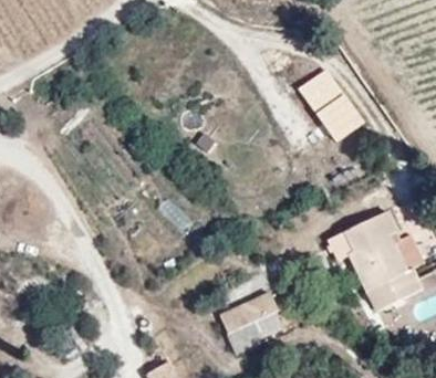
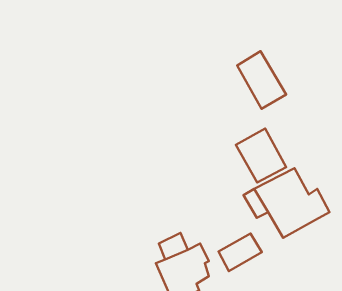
building: none -> [236,129,286,183]
building: [362,273,413,317] -> [219,233,262,271]

